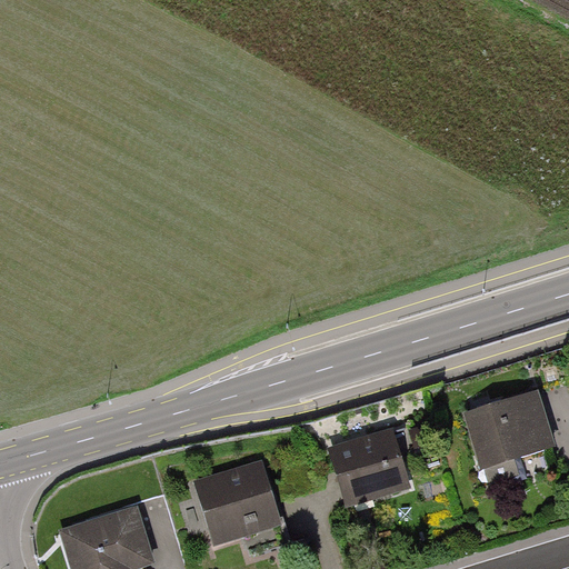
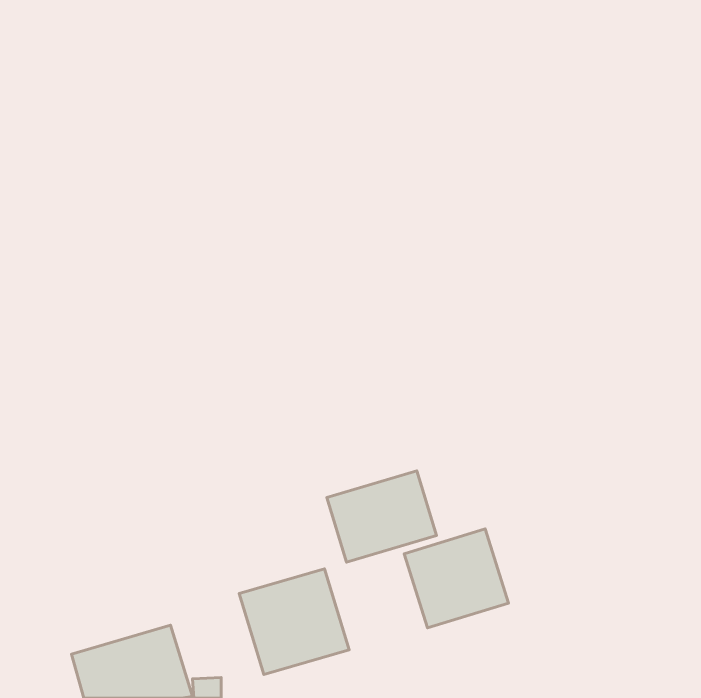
building: none -> [327,471,437,562]
building: [462,391,556,470] -> none

